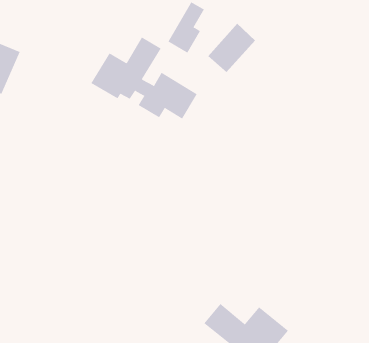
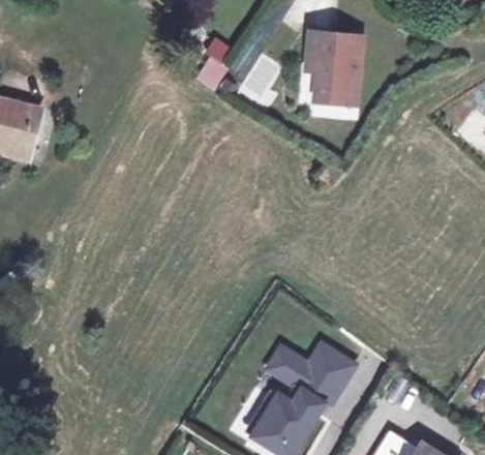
building: none -> [308,37,364,109]
building: [91,37,197,120] -> none

